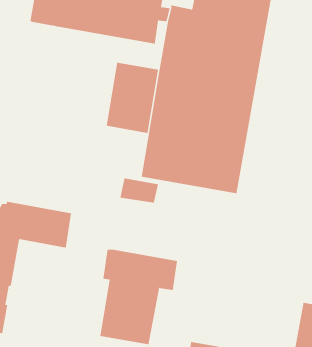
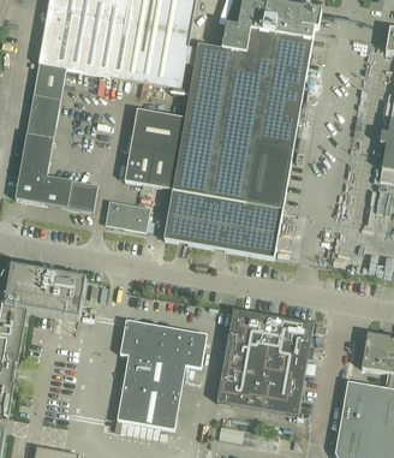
building: none -> [14,63,97,212]
building: [120,178,159,203] -> [105,201,149,230]
building: none -> [216,309,312,415]

